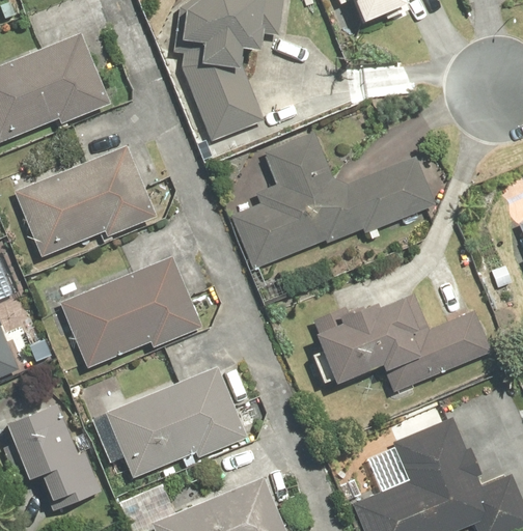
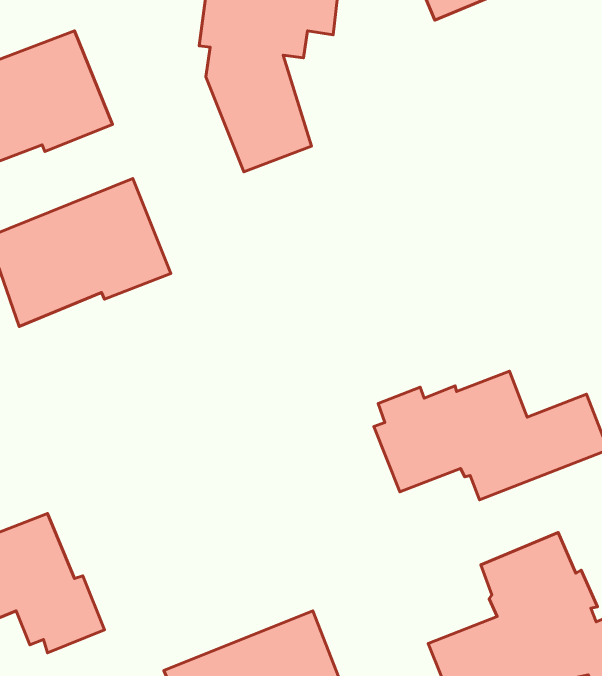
building: [231,133,436,269] -> none
building: [59,257,201,368] -> none
building: [104,366,247,479] -> none

